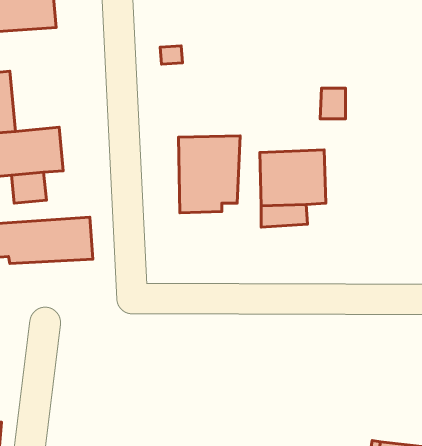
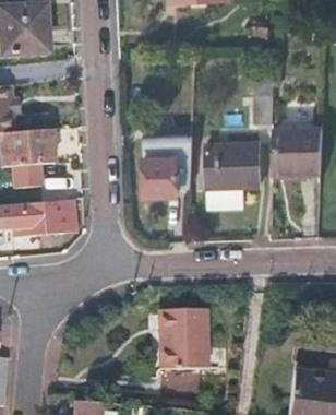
building: none -> [273,131,325,177]
building: none -> [157,309,201,367]

